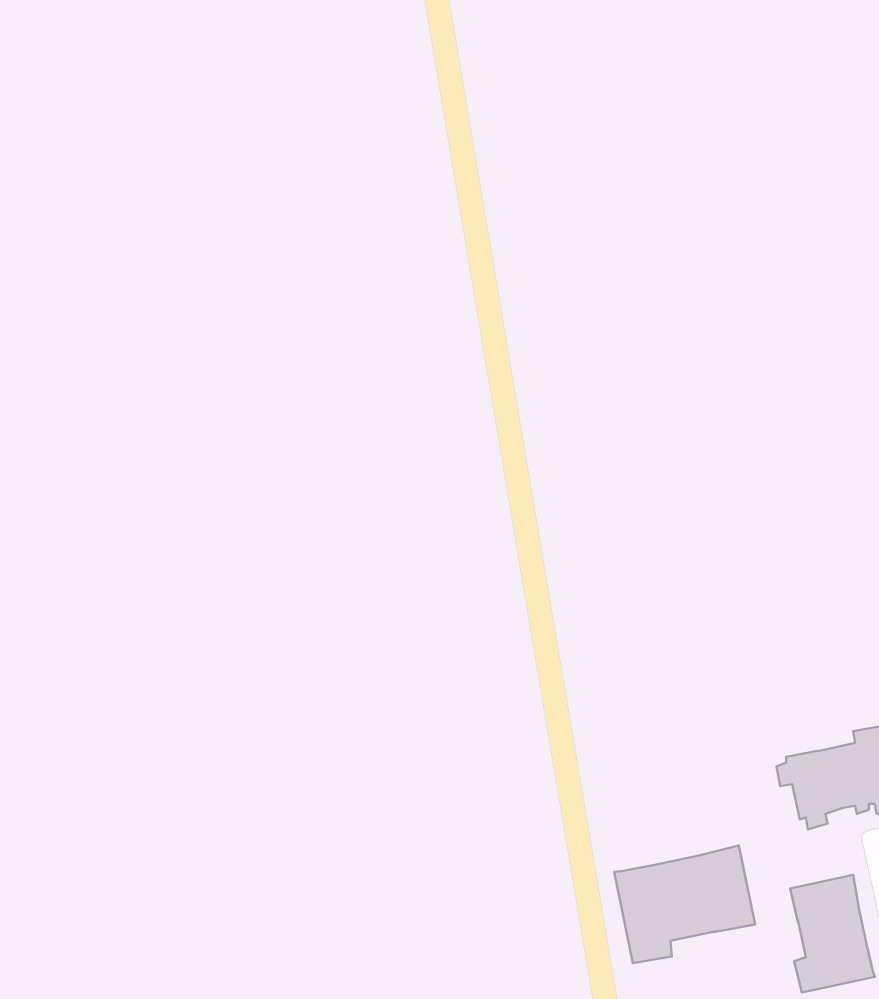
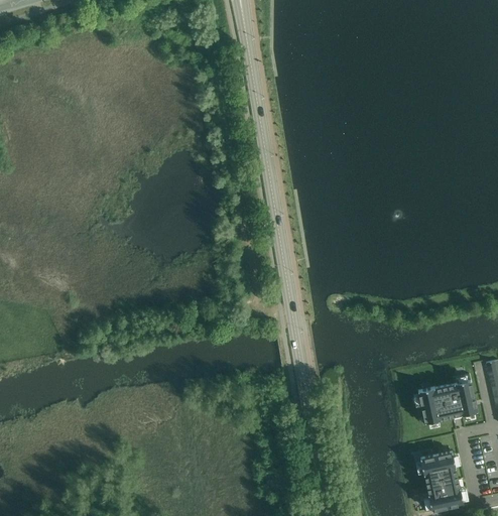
building: [614,845,755,963] -> none

